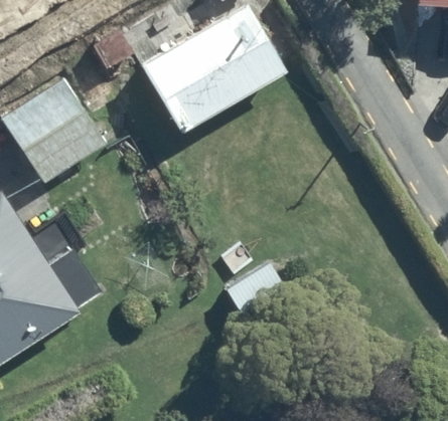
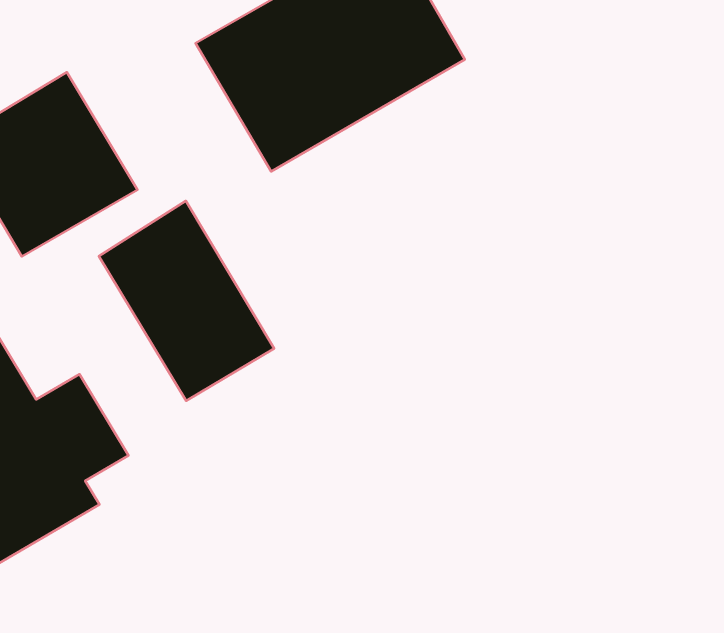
building: none -> [99,201,274,401]

